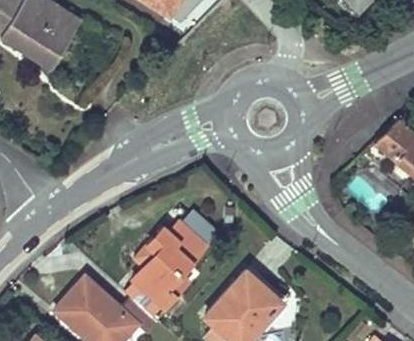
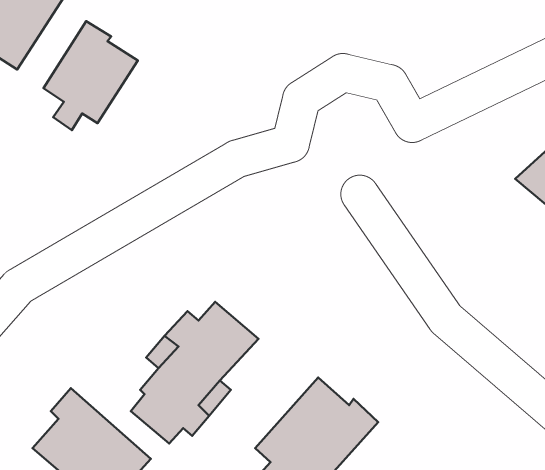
building: none -> [43,21,138,130]

